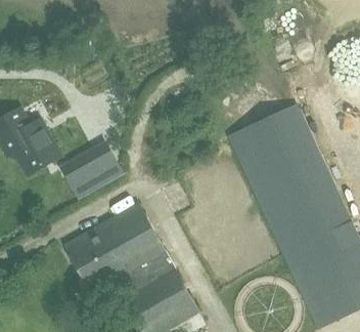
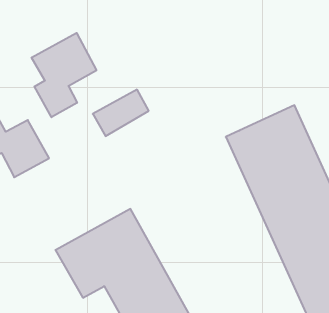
building: none -> [32,33,96,117]
building: [66,151,121,196] -> [93,90,149,136]

